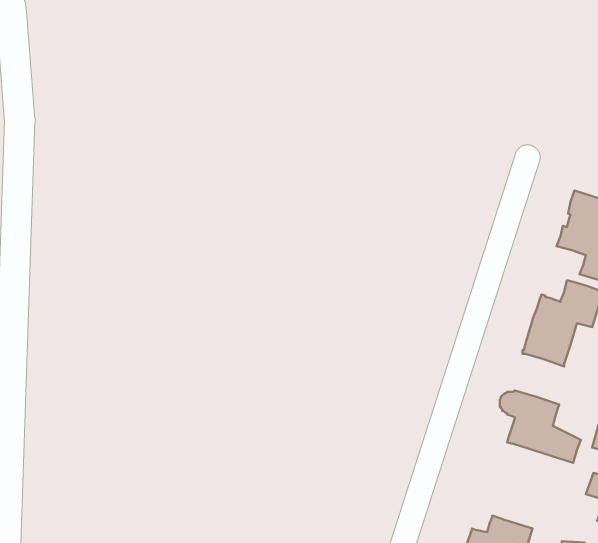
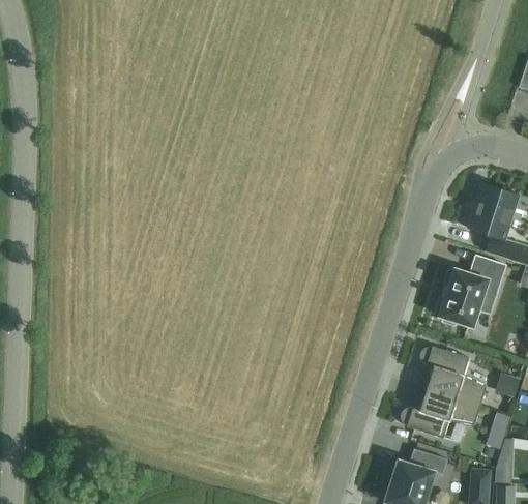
building: none -> [401,388,480,438]

